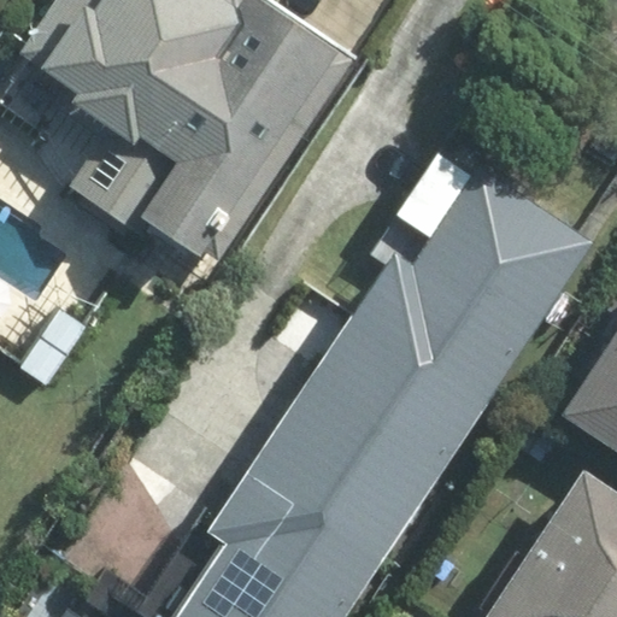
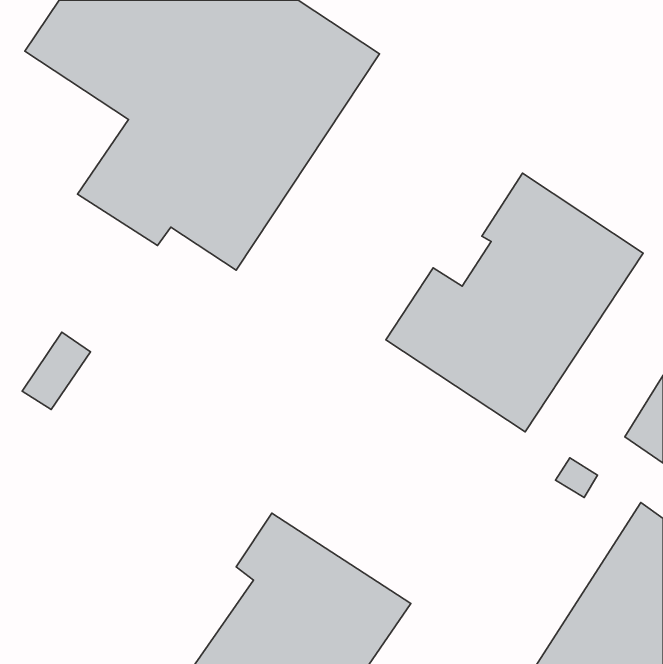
building: [249,318,482,560] -> none

